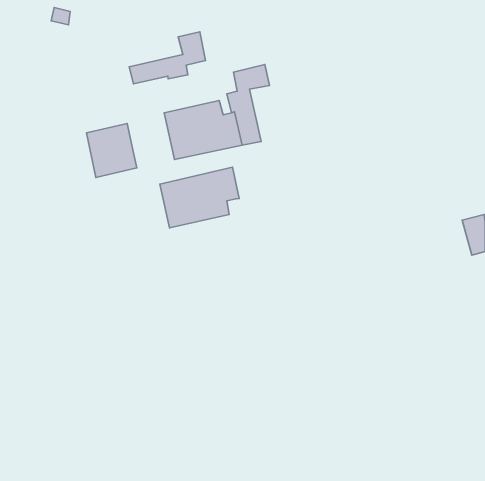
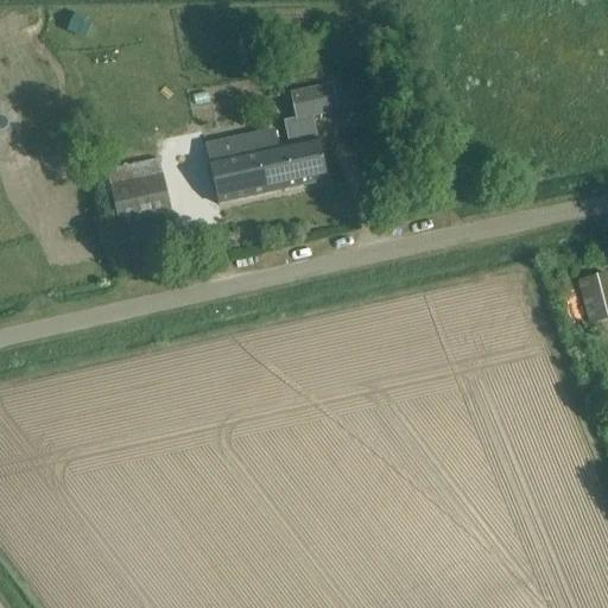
building: [129,32,206,84] -> none
building: [160,167,239,228] -> none

